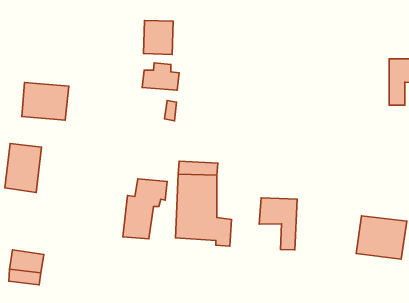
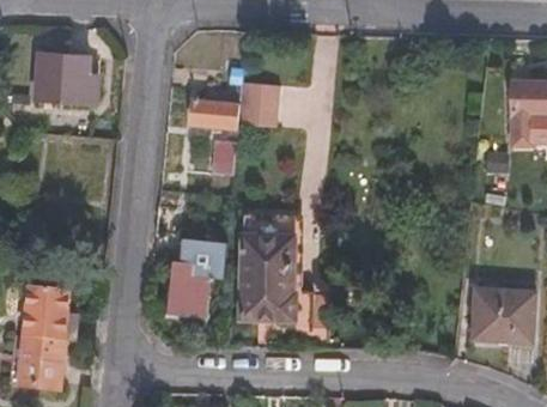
building: [144,20,173,54] -> [242,80,280,124]
building: [22,82,69,120] -> [39,50,101,99]
building: [5,144,42,192] -> [23,275,71,339]
building: [259,198,297,250] -> none

